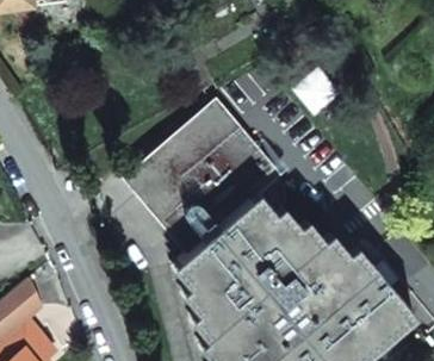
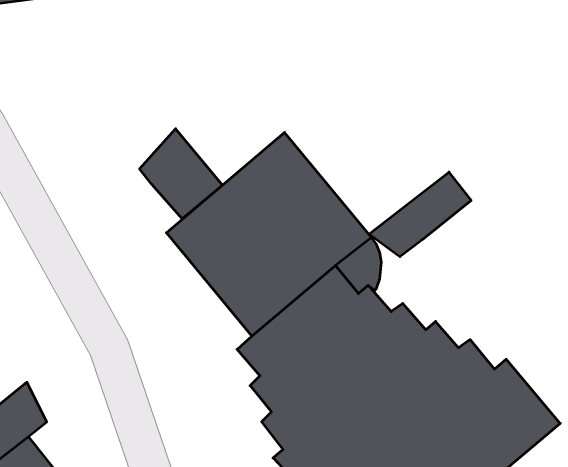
building: none -> [140,129,222,219]
building: none -> [369,172,471,257]

